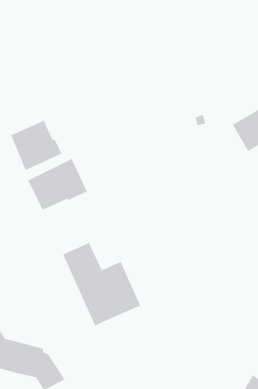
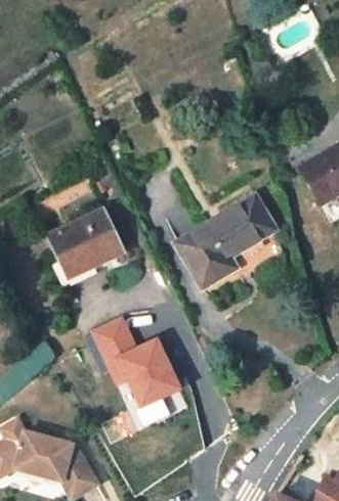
building: [10,120,62,171] -> none
building: none -> [177,197,274,286]

